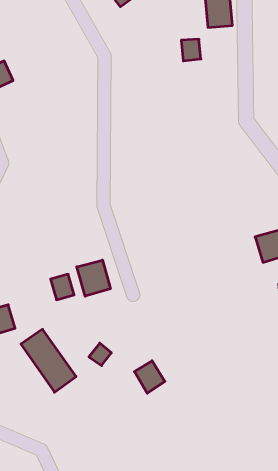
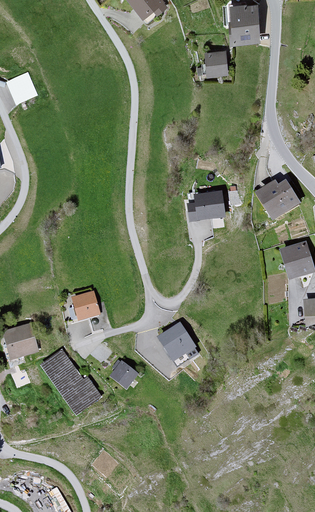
building: none -> [256,186,297,221]
building: none -> [196,196,223,221]
building: [77,260,110,296] -> none
building: [134,361,165,393] -> [159,321,190,354]

